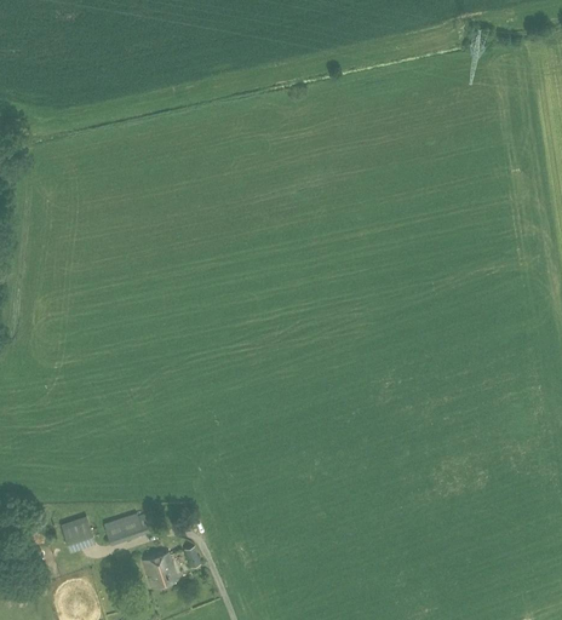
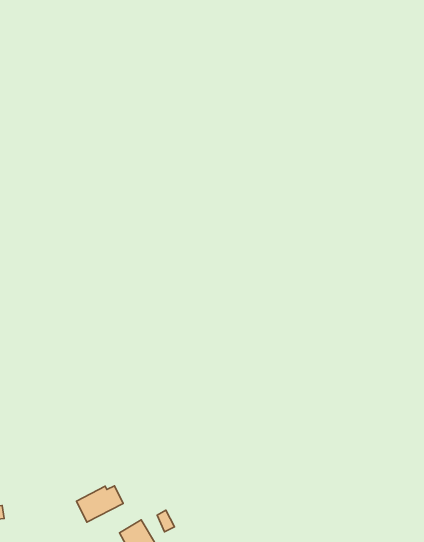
building: [61,515,94,551] -> none

